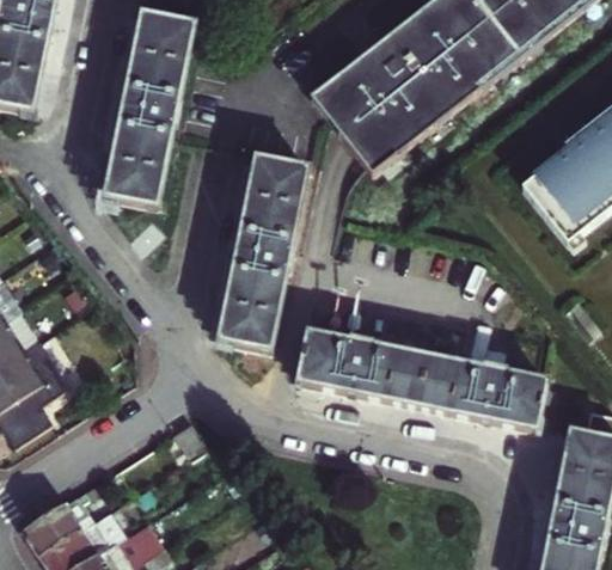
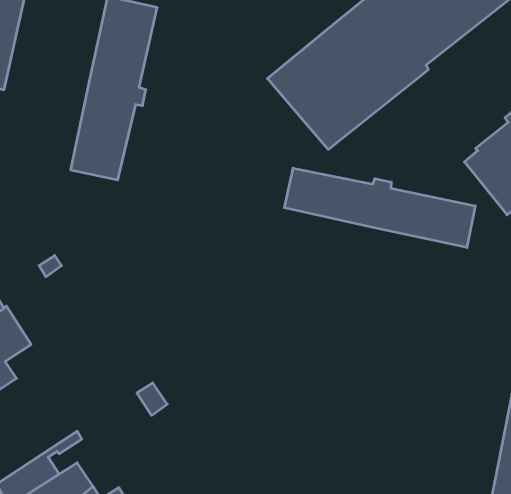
building: [212,157,307,348] -> none
building: none -> [284,168,475,248]
building: [296,330,546,430] -> none

